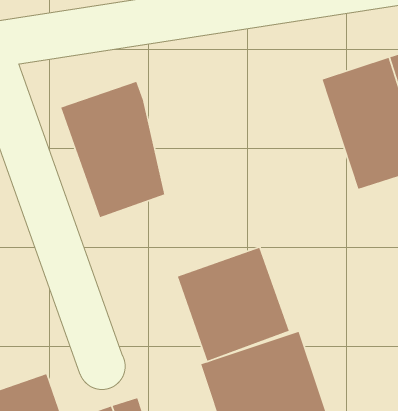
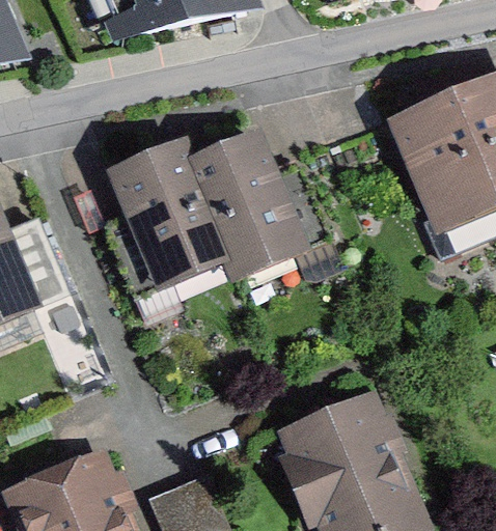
building: none -> [195,127,313,282]
building: [177,247,290,362] -> none

